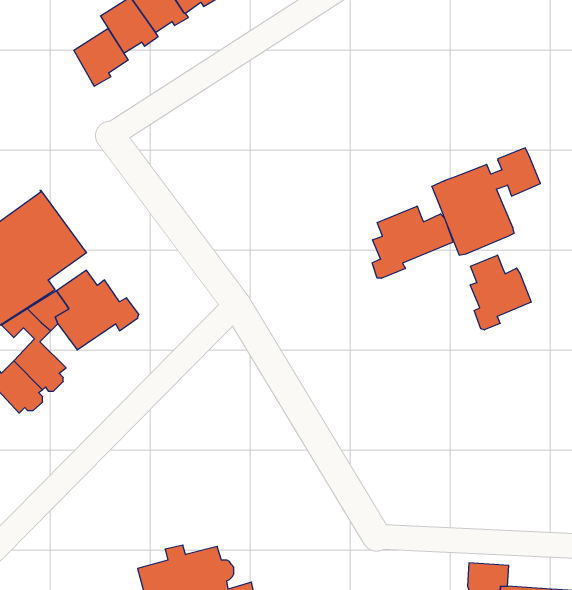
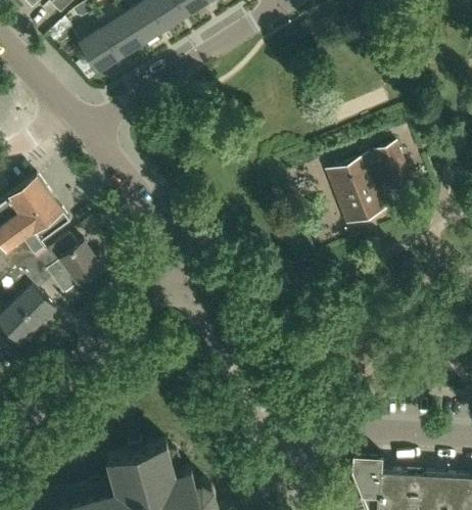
building: [74,29,128,86] -> none
building: [372,206,453,278] -> none
building: [470,255,531,330] -> none

